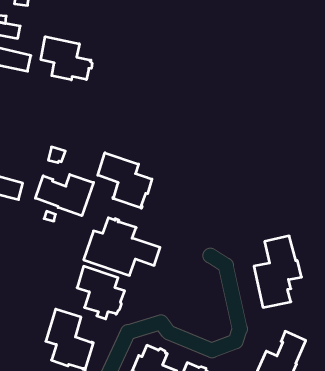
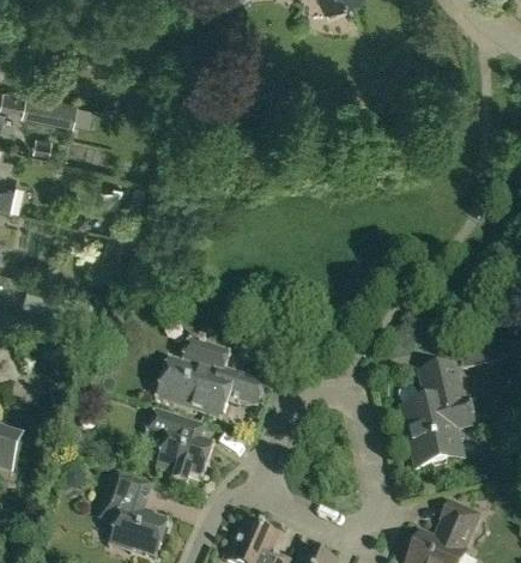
building: [41,37,92,80] -> none
building: [98,153,152,208] -> none
building: [35,174,94,216] -> none

